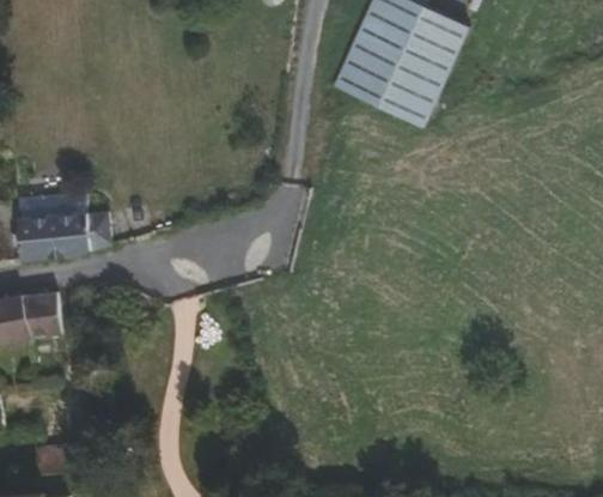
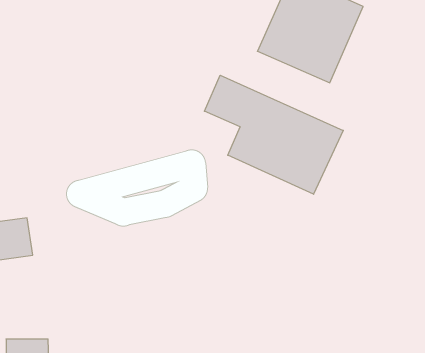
building: none -> [204,75,343,194]
building: [25,206,128,257] -> none

